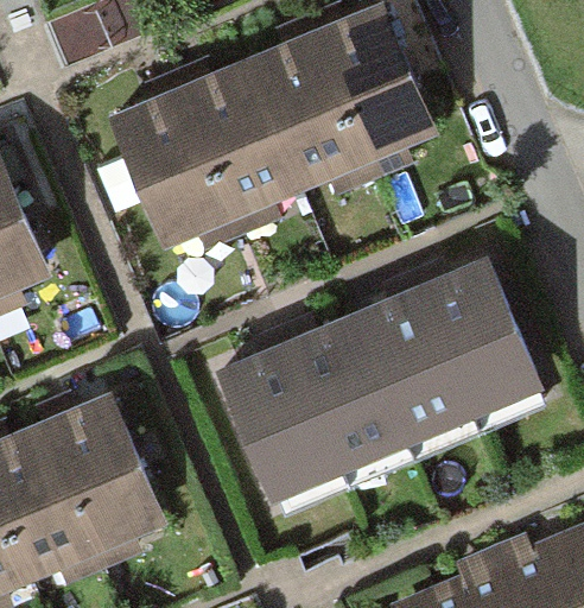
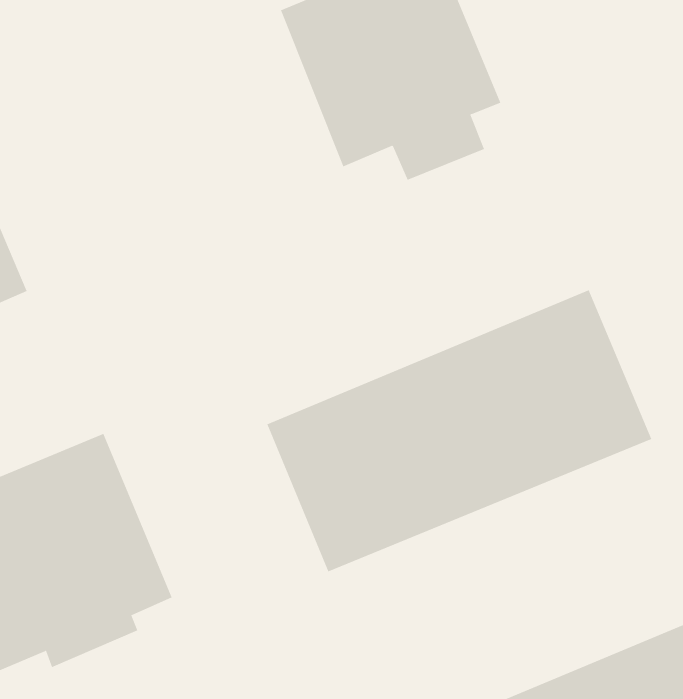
building: [113,55,291,243] -> none

